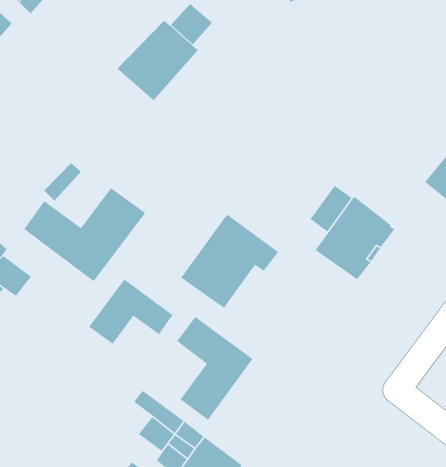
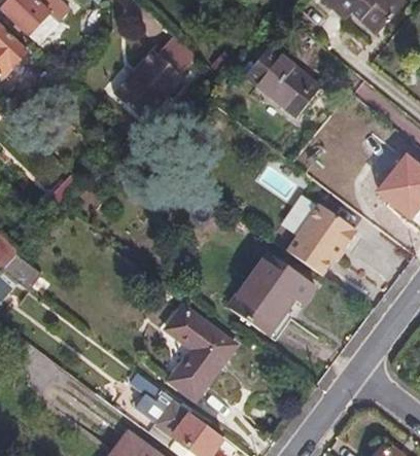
building: none -> [246,46,320,116]
building: [23,187,146,282] -> none
building: [180,213,279,309] -> [230,251,315,334]
building: [88,279,174,345] -> none

